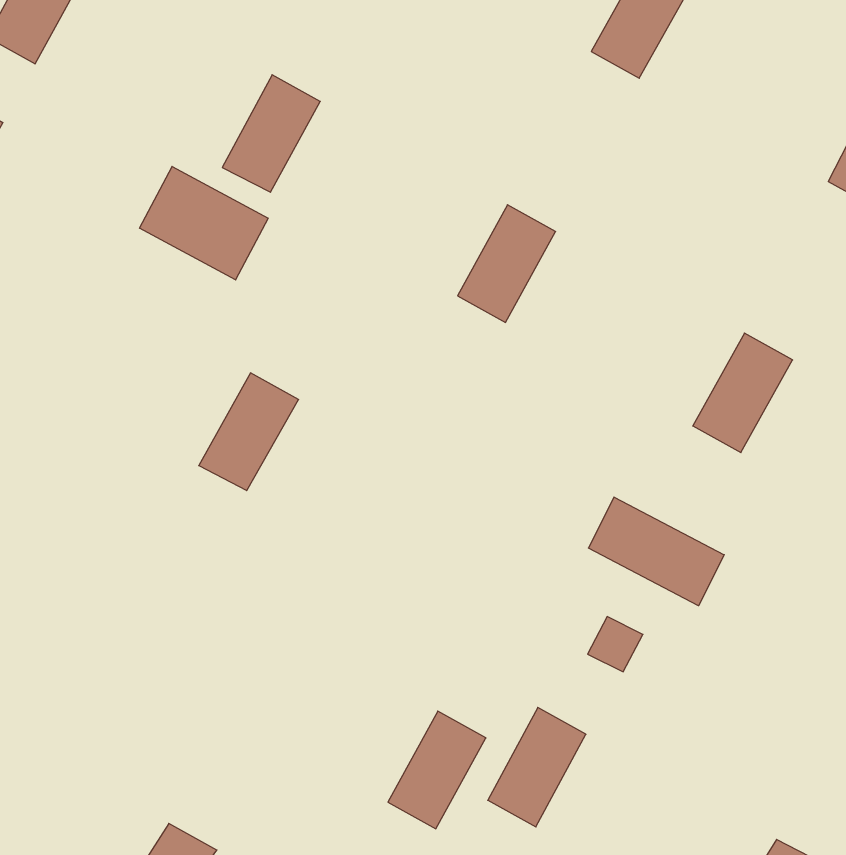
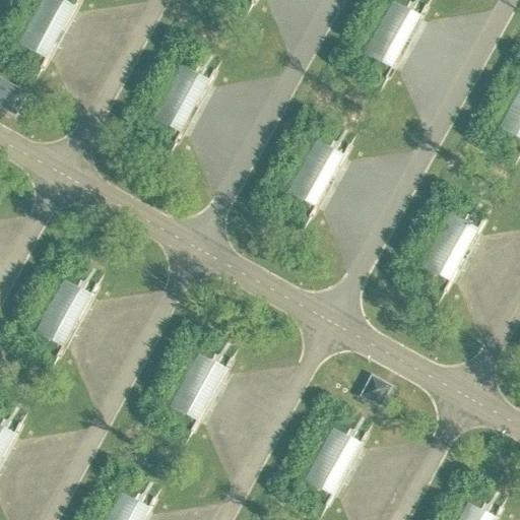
building: [140,166,268,280] -> none
building: [199,373,299,491] -> [34,278,90,345]
building: [588,497,724,606] -> none
building: [388,711,486,829] -> [169,352,224,419]

